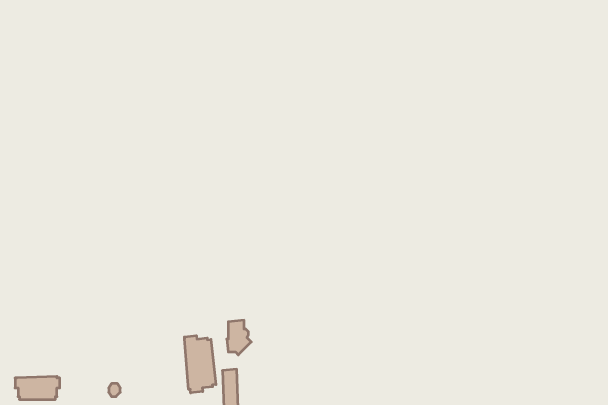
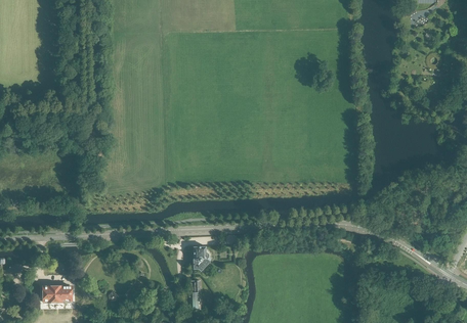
building: [184,336,216,393] -> none

